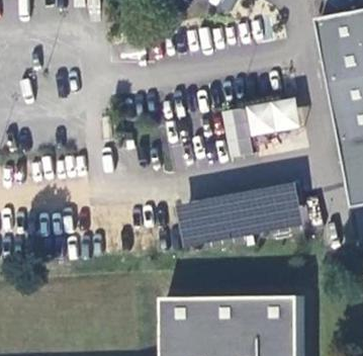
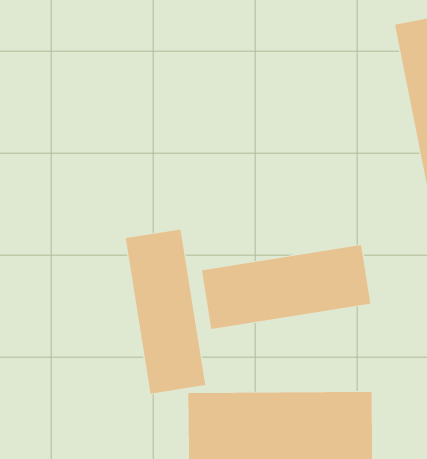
building: [220,97,300,159] -> none
building: none -> [125,229,206,394]

